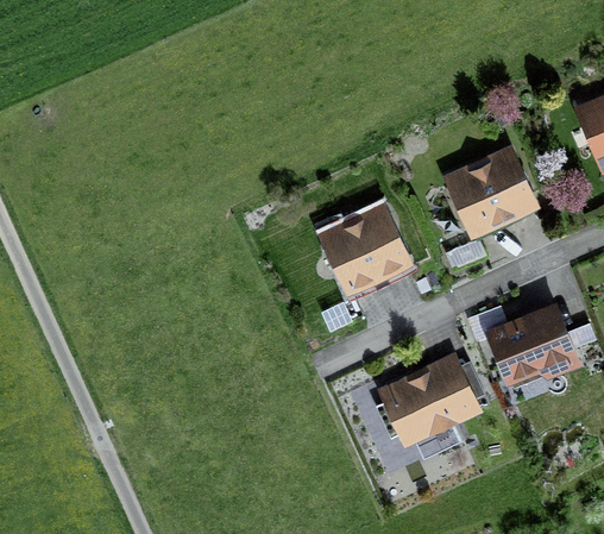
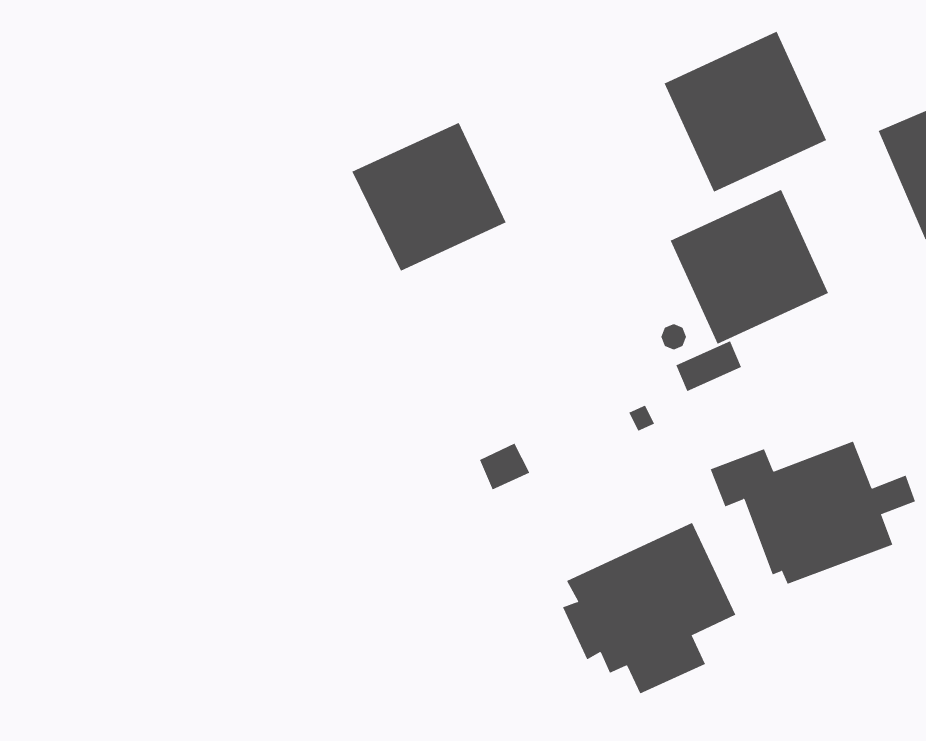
building: none -> [664,31,827,193]
building: [316,202,414,296] -> [351,122,506,272]

